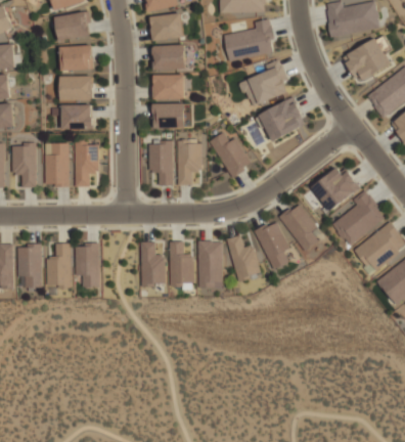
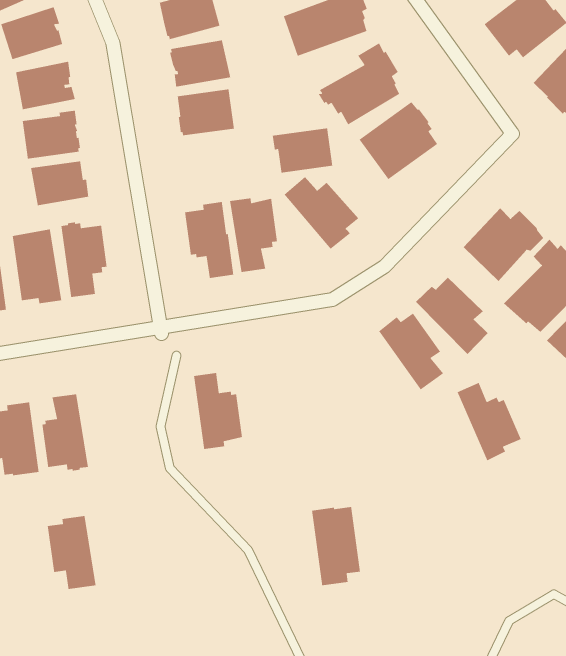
building: [152,104,186,128] -> [272,127,333,174]
building: [226,235,261,283] -> [457,382,522,461]
building: [197,241,222,288] -> [311,506,361,586]
building: [169,242,193,286] -> none
building: [75,244,99,286] -> [47,515,96,590]

